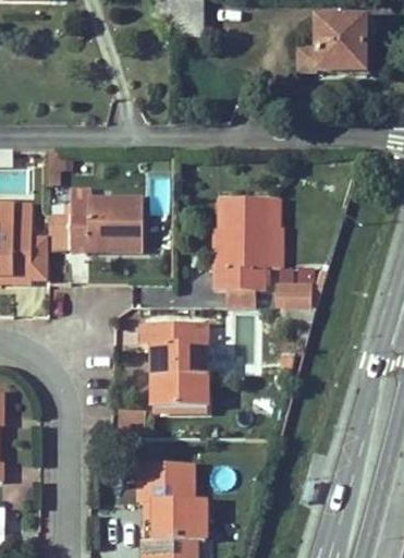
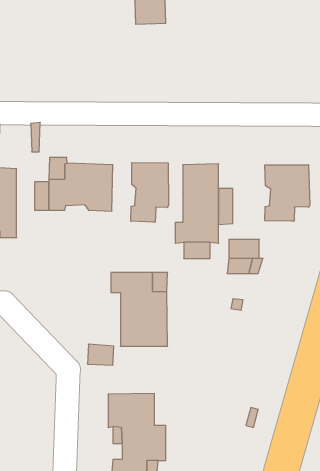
building: [299,19,365,71] -> none
building: none -> [131,163,168,222]
building: none -> [265,165,310,221]

